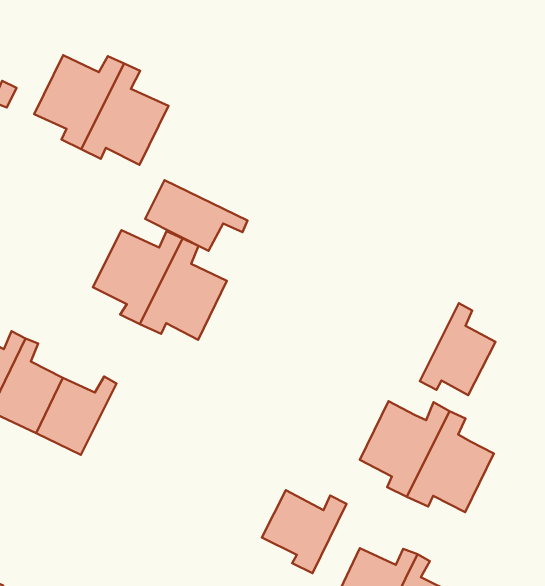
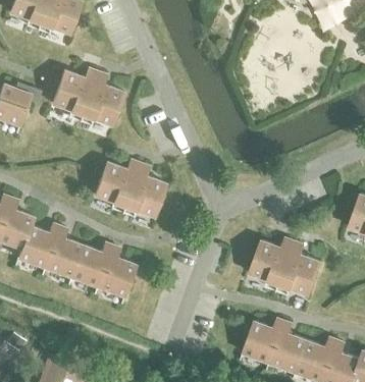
building: [145,180,247,251] -> none
building: [420,303,496,395] -> none
building: none -> [96,245,135,296]
building: [262,490,346,573] -> none

